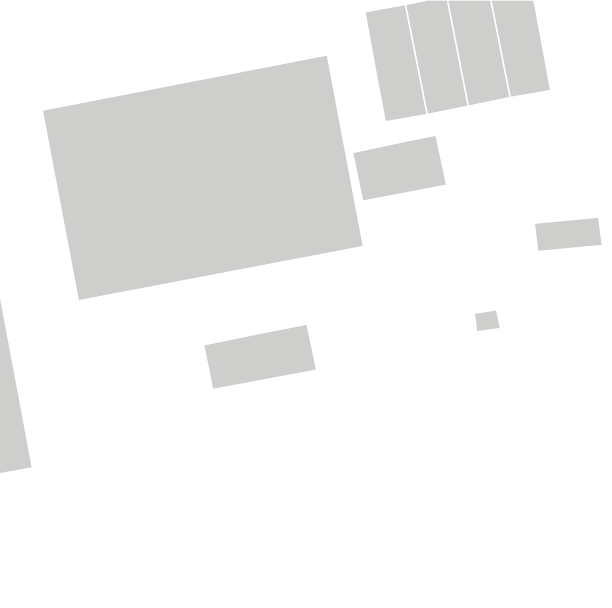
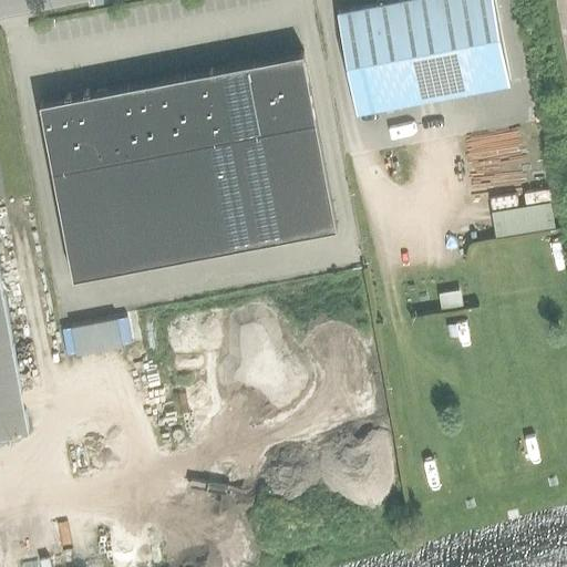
building: [353,135,446,201] -> none
building: [204,324,316,389] -> none

